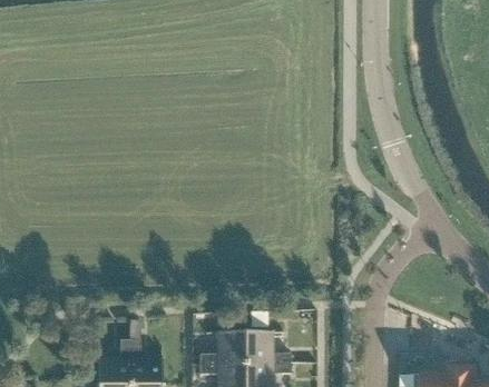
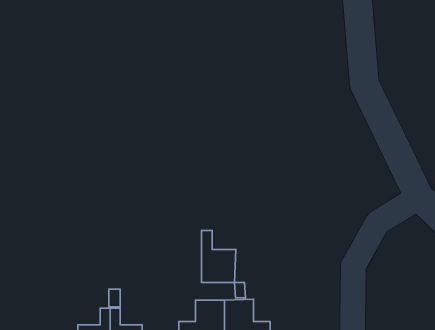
building: none -> [201,230,236,282]

